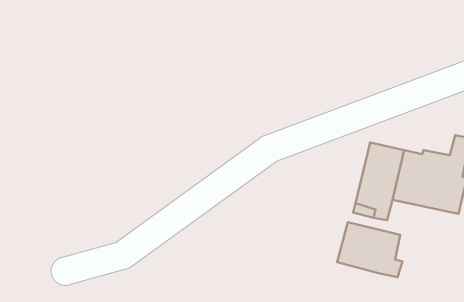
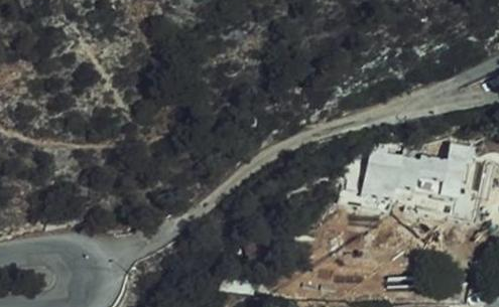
building: [337,222,402,277] -> none

